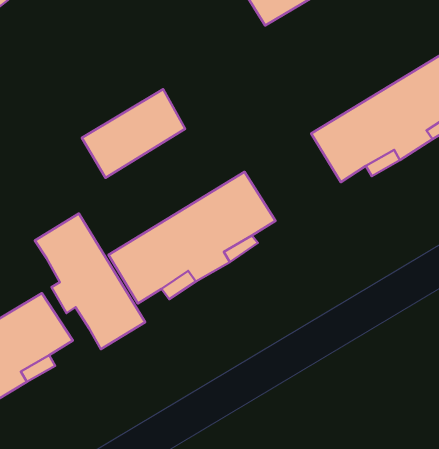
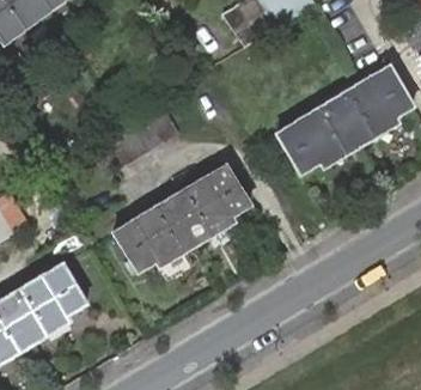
building: [35,214,145,349] -> none

